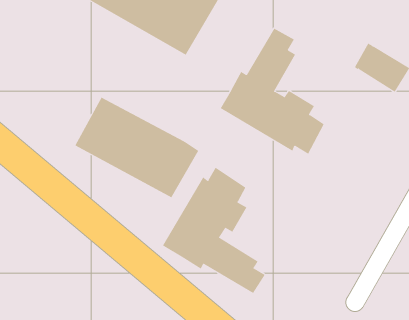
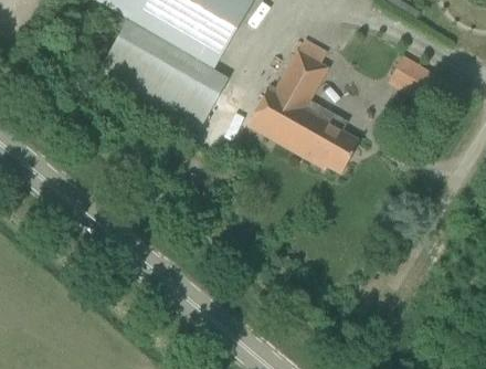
building: [75,97,199,198] -> [97,21,228,127]
building: [162,167,265,294] -> none

